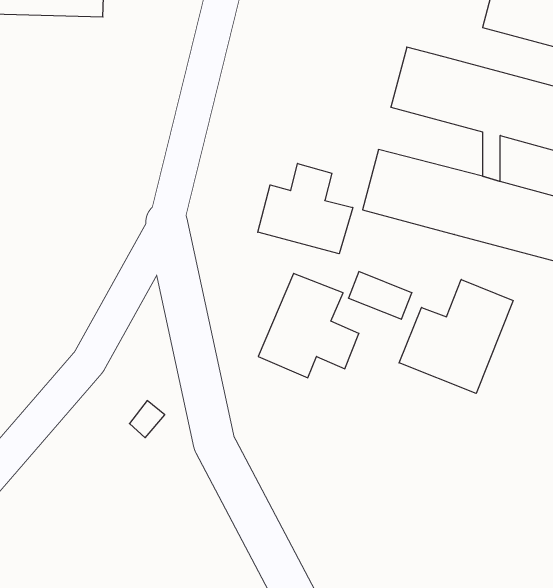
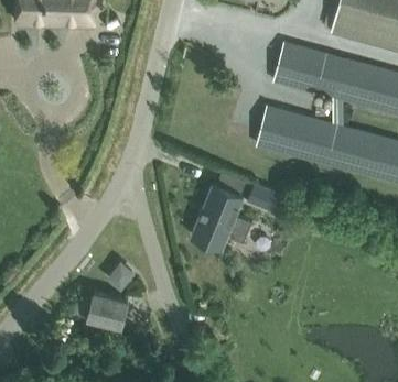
building: [258,163,353,254] -> none
building: [399,279,513,393] -> none
building: none -> [76,294,127,327]

